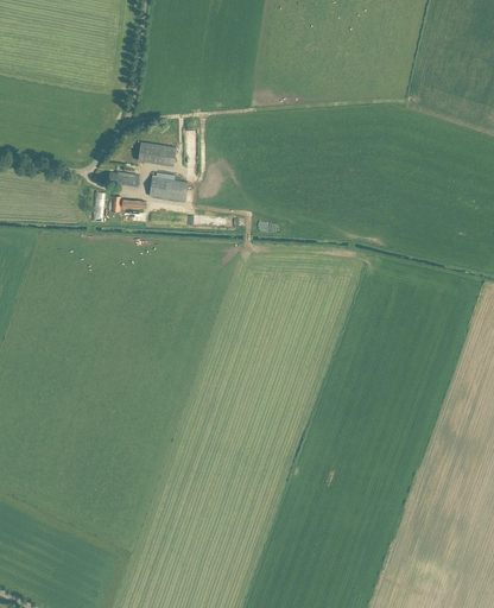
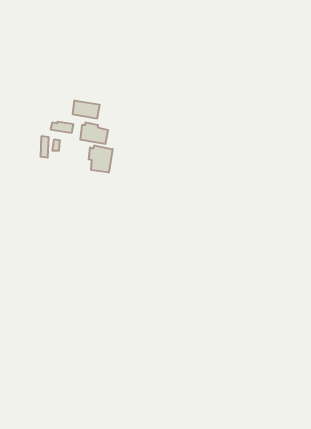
building: none -> [89,145,113,173]

